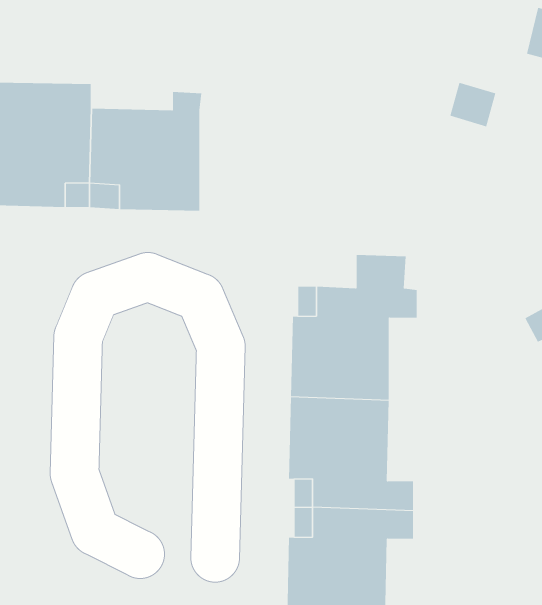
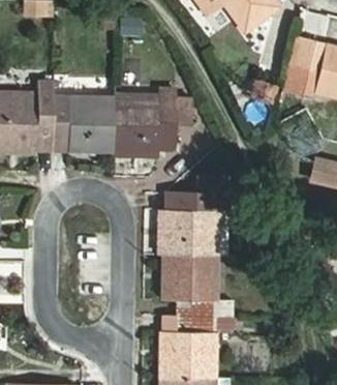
building: none -> [113,88,190,153]

